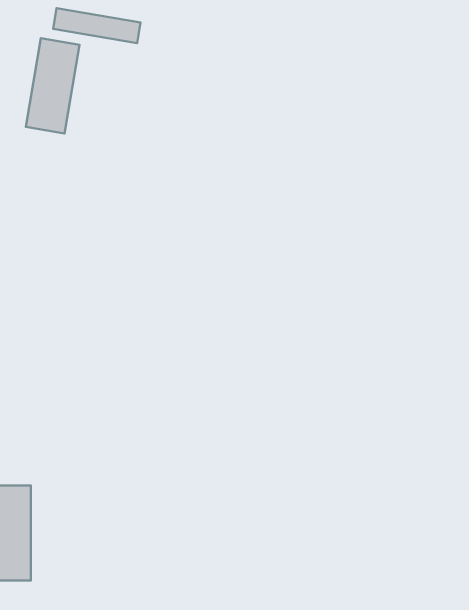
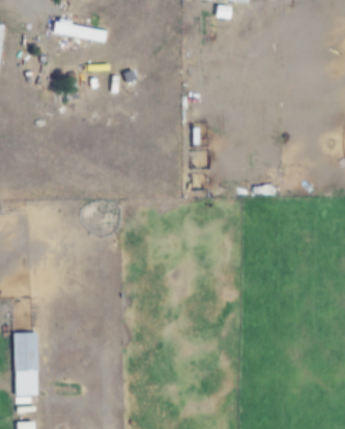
building: [26,38,80,133] -> none

